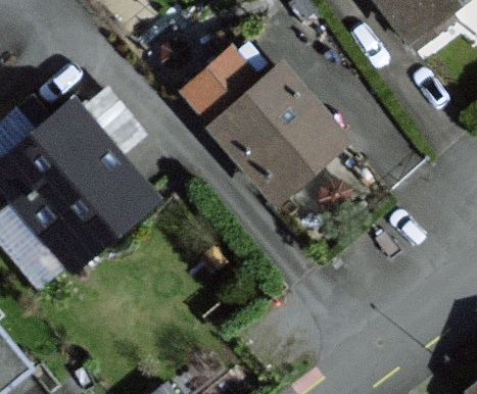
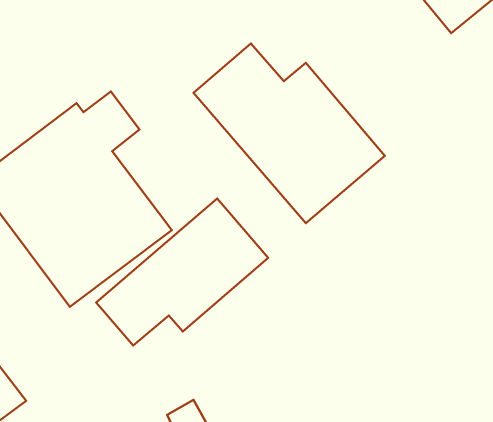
building: none -> [96,199,268,346]

